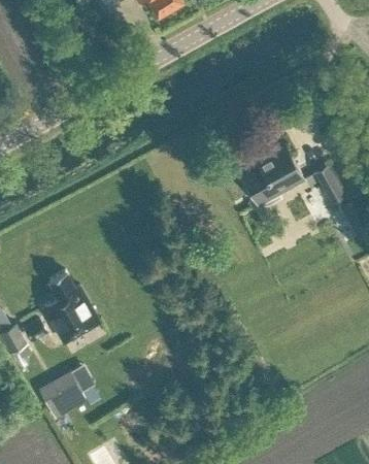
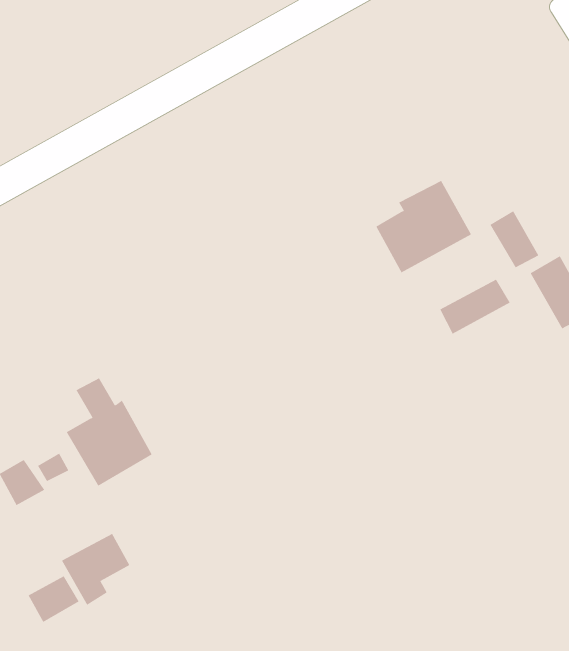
building: none -> [439,279,510,334]
building: none -> [28,576,80,623]

